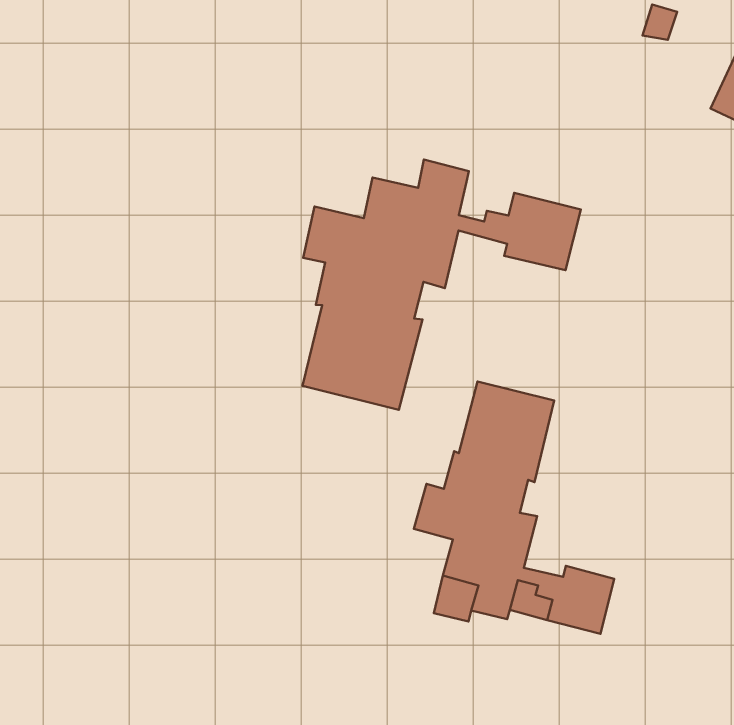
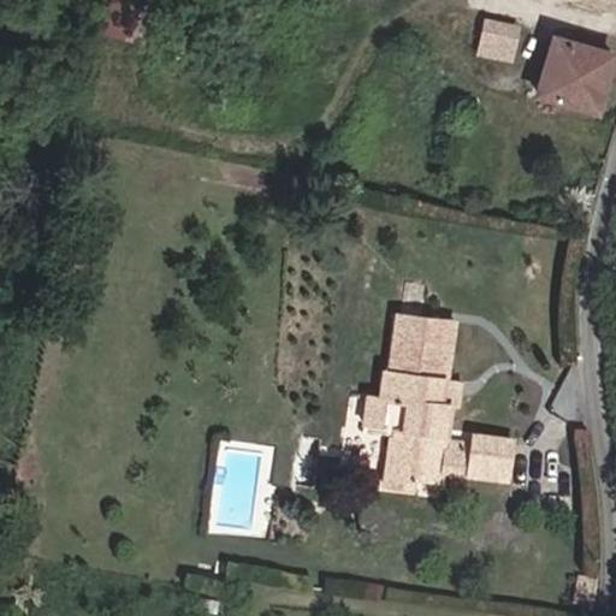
building: [303,159,581,410] -> none

